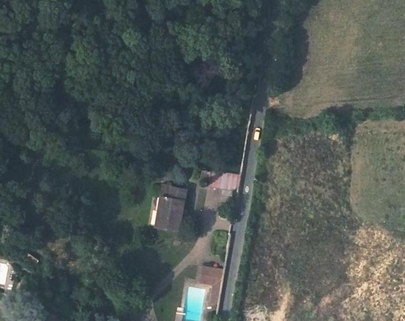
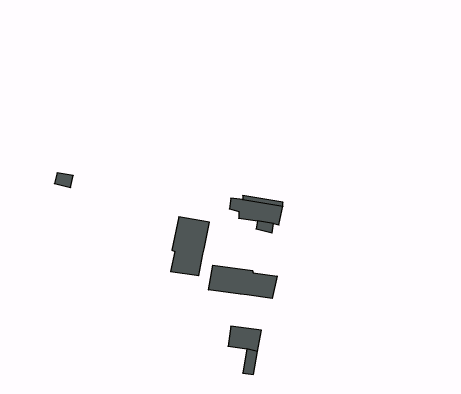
building: none -> [209,265,277,298]

